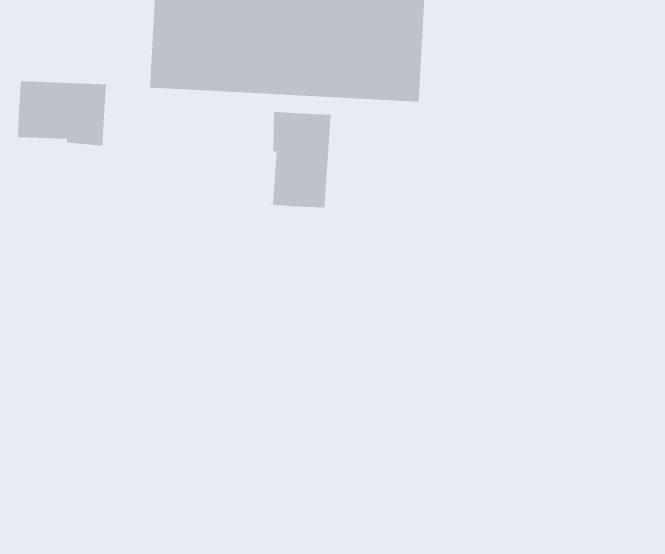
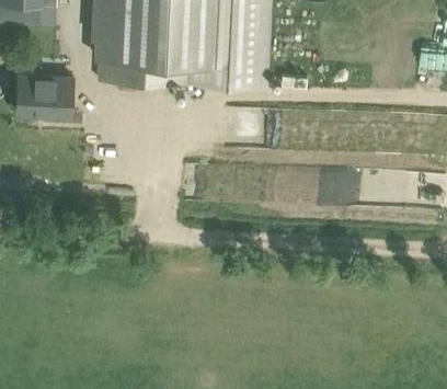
building: [269,111,331,208] -> none

